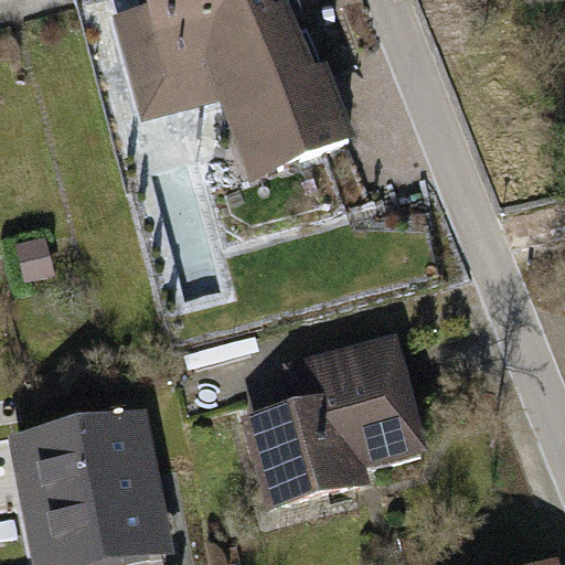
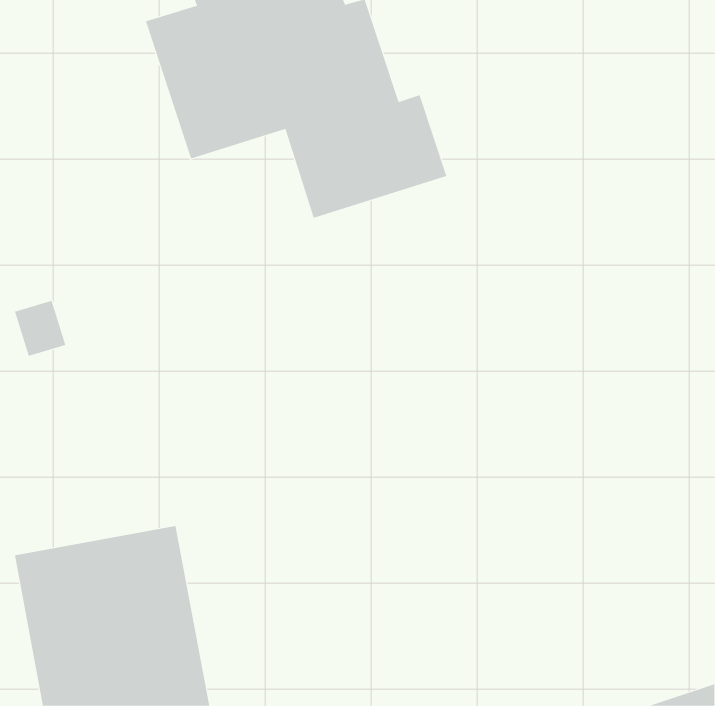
building: [243,334,430,511] -> none

